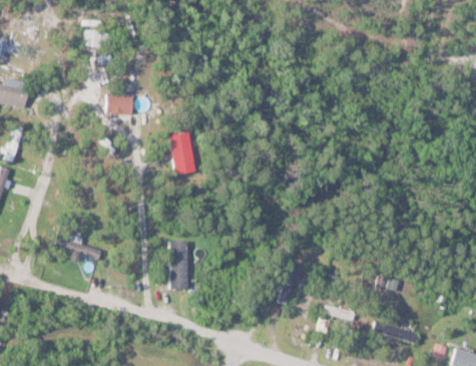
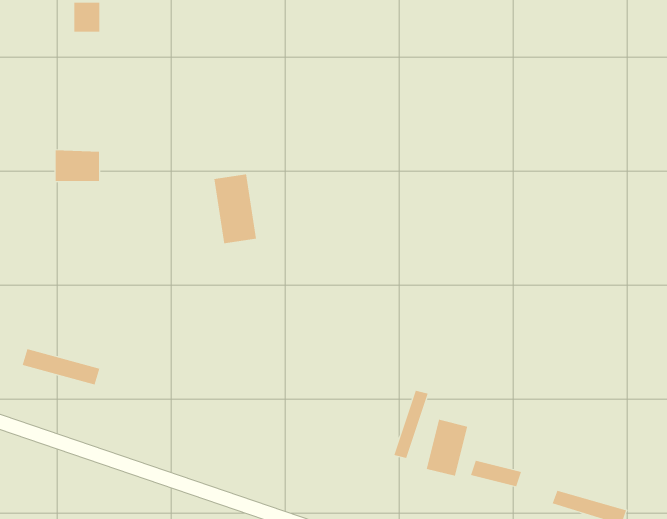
building: [106,94,133,113] -> [55,150,100,182]
building: [170,241,187,289] -> none
building: none -> [426,419,468,477]

